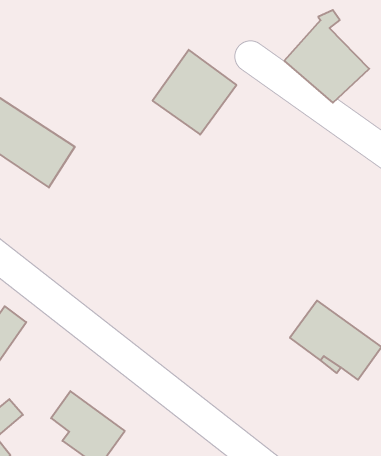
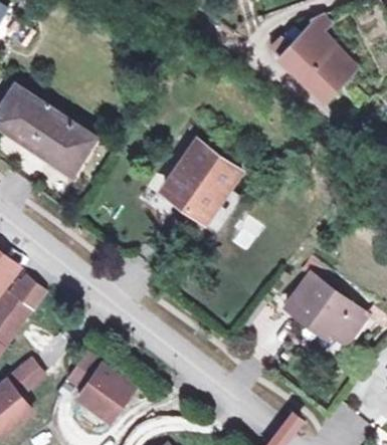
building: [153,50,236,135] -> [159,142,233,217]

